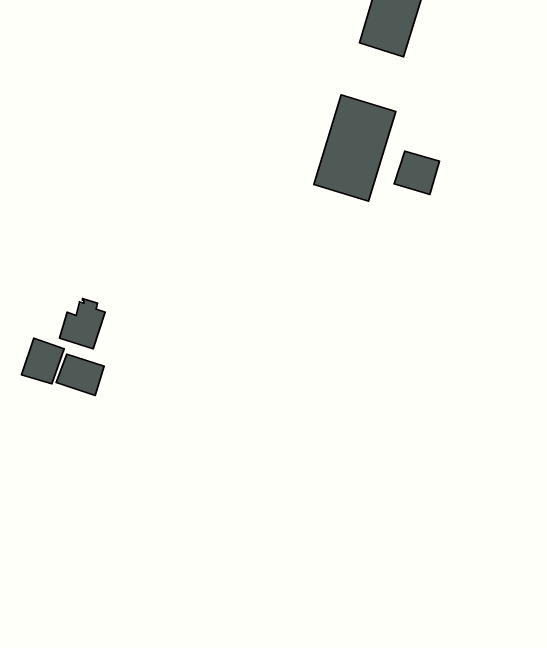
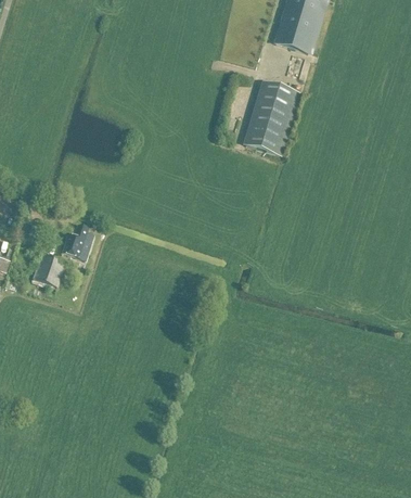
building: [394,151,440,195] -> none
building: [56,354,104,396] -> none

